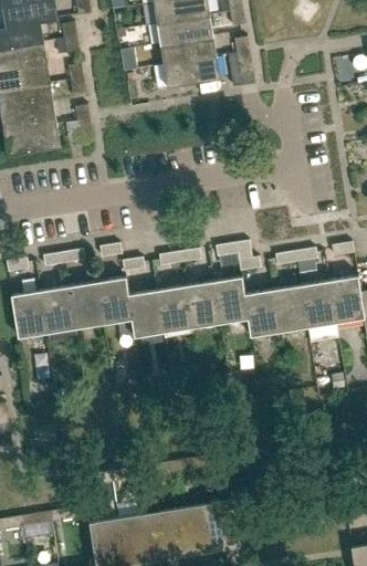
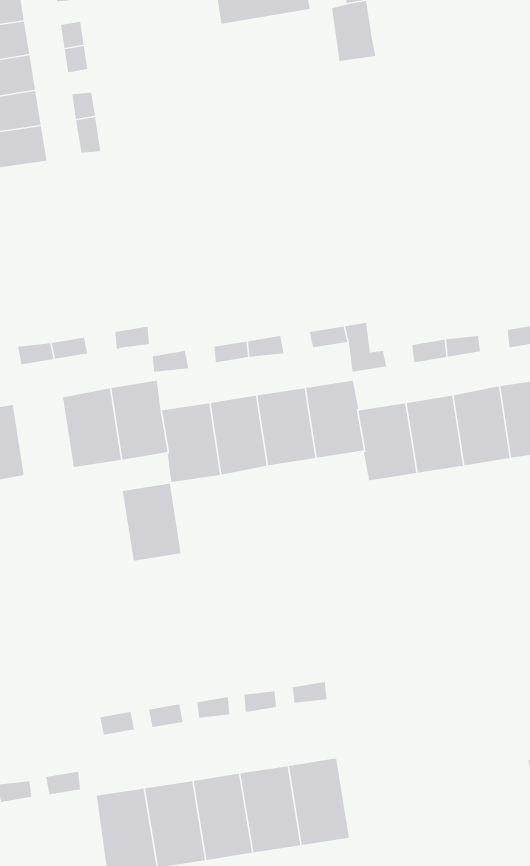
building: [162,57,219,87] -> none
building: [40,286,75,333] -> [122,483,182,561]

